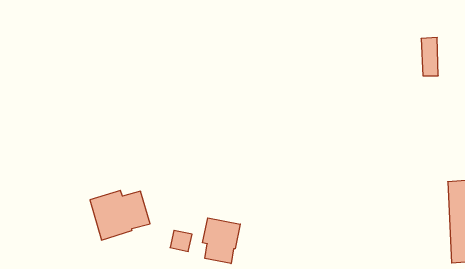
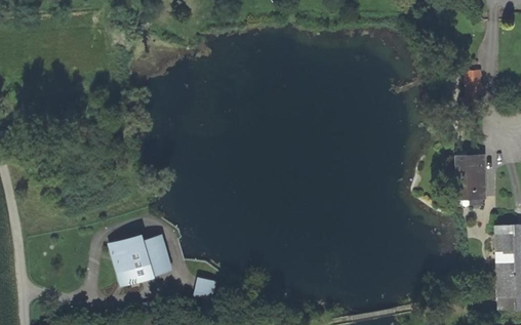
building: none -> [452,154,486,211]
building: [203,218,240,264] -> none

